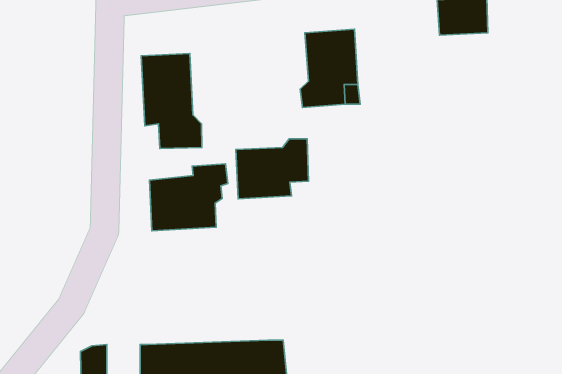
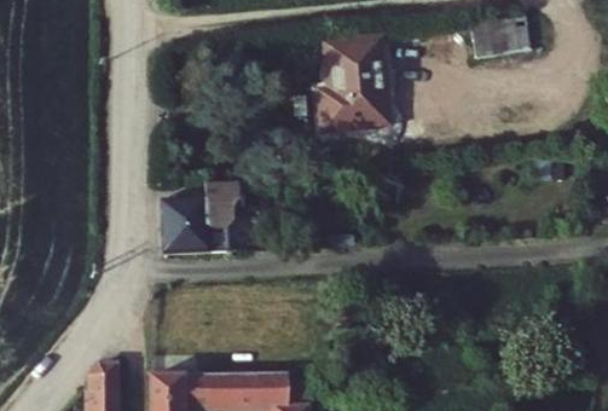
building: [141,54,202,149] -> none
building: [236,139,309,199] -> none

